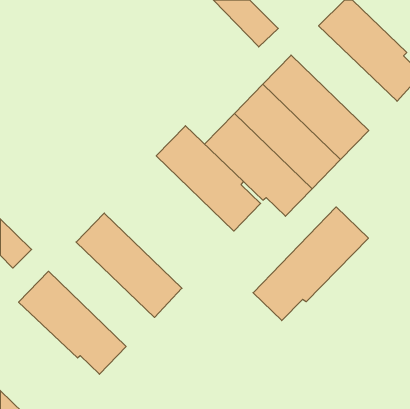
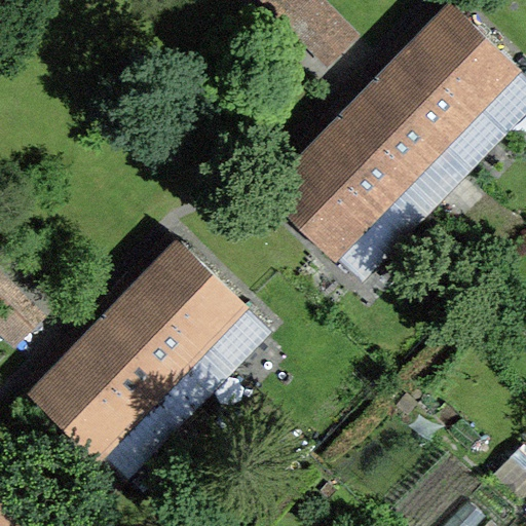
building: none -> [374,39,509,172]
building: [156,126,261,231] -> [137,238,269,372]
building: [253,207,368,321] -> none
building: none -> [66,313,200,446]

